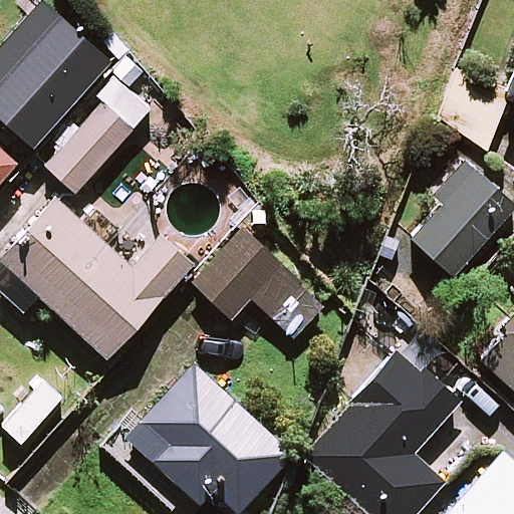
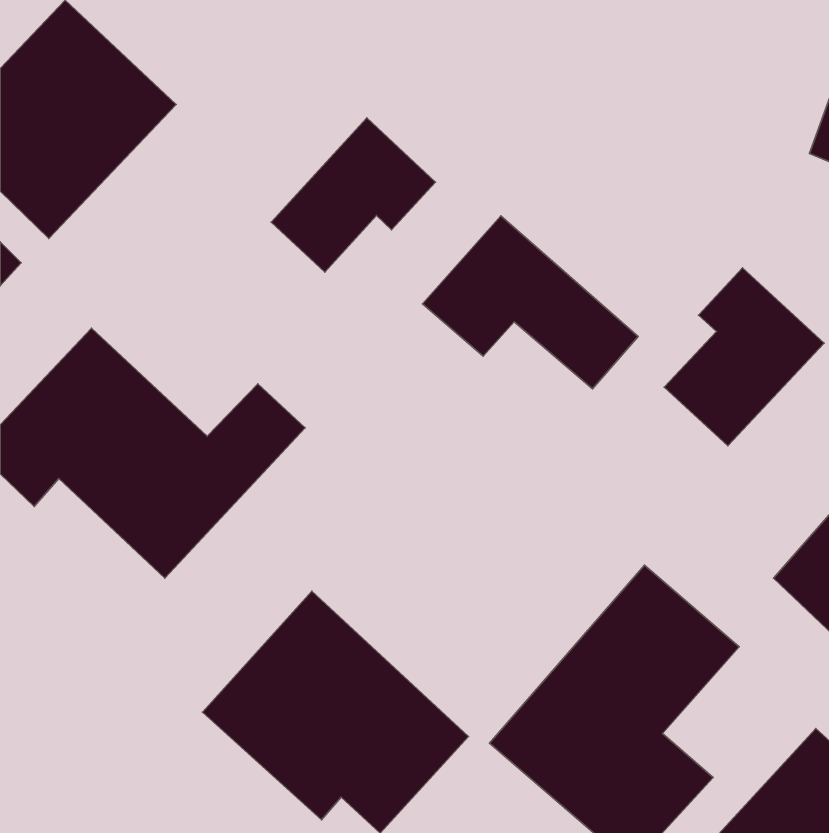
building: none -> [271,118,435,272]
building: [46,75,153,193] -> none
building: [196,232,328,338] -> [423,216,638,389]

